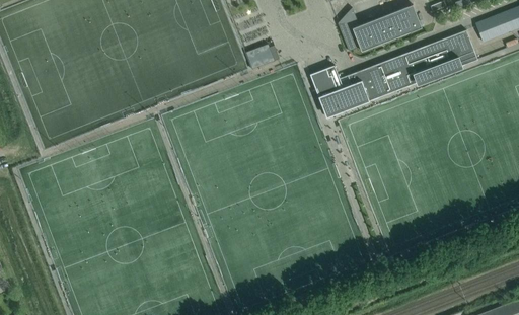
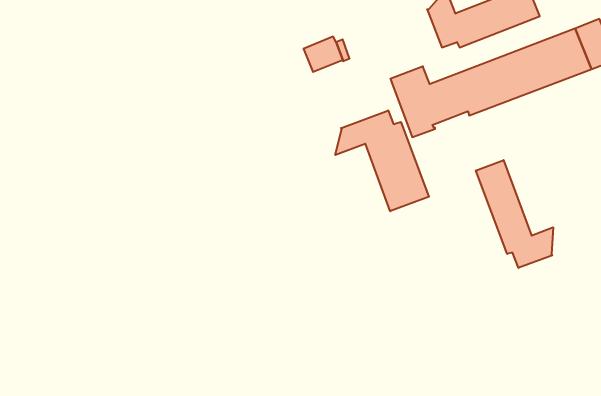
building: none -> [335,110,429,211]
building: none -> [476,160,553,268]

